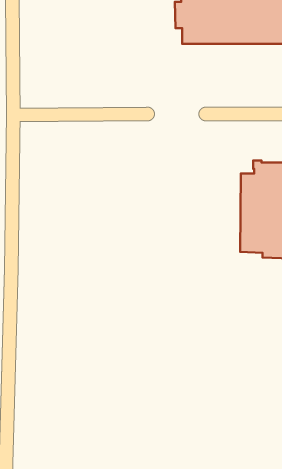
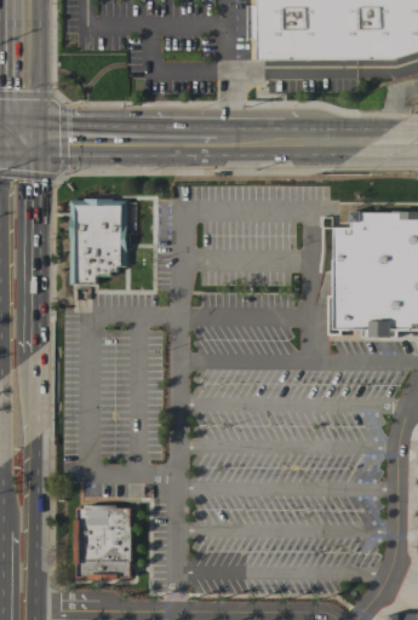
building: none -> [69,199,126,285]
building: none -> [75,506,131,579]

